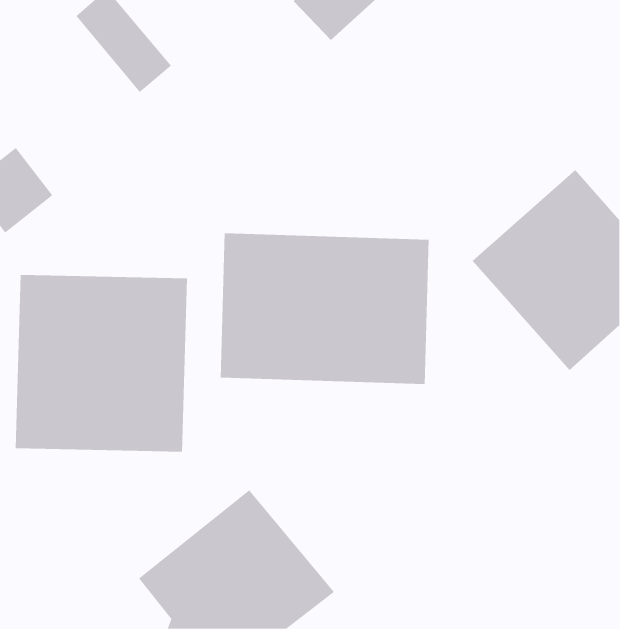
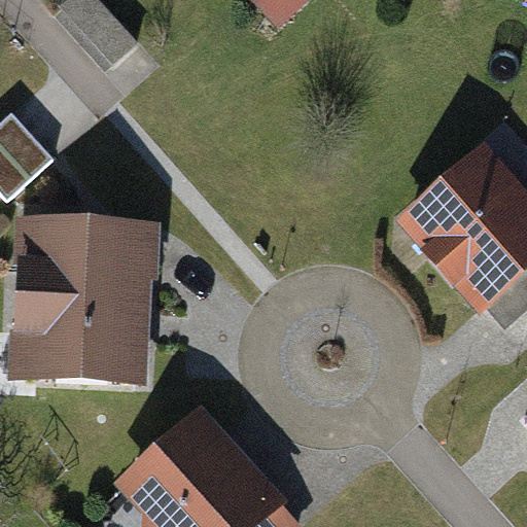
building: [220,232,429,385] -> none

